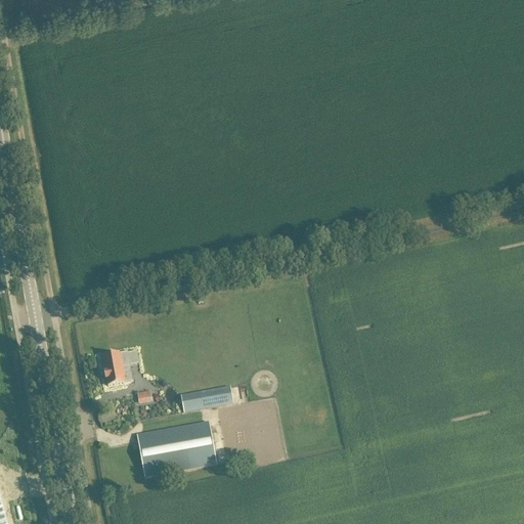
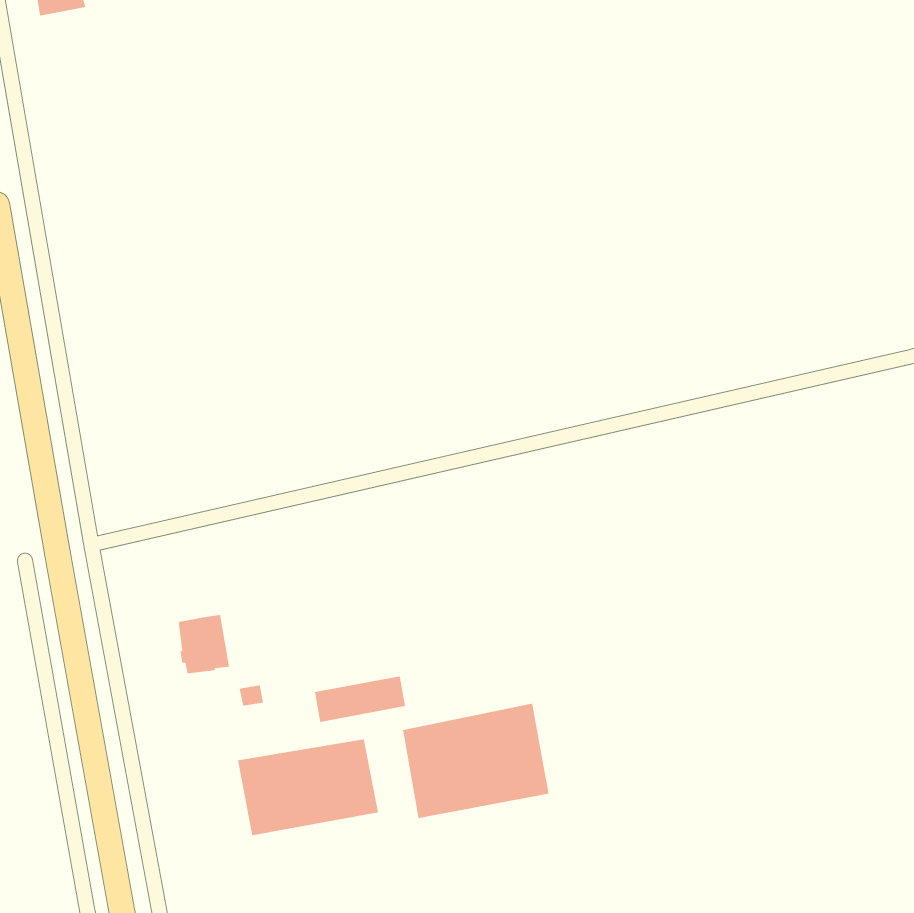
building: none -> [402,703,549,819]

